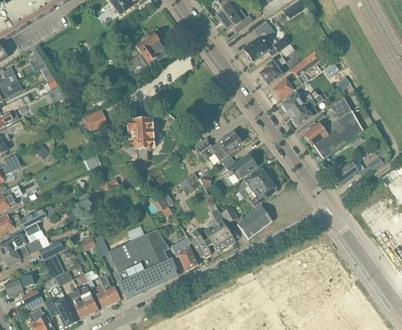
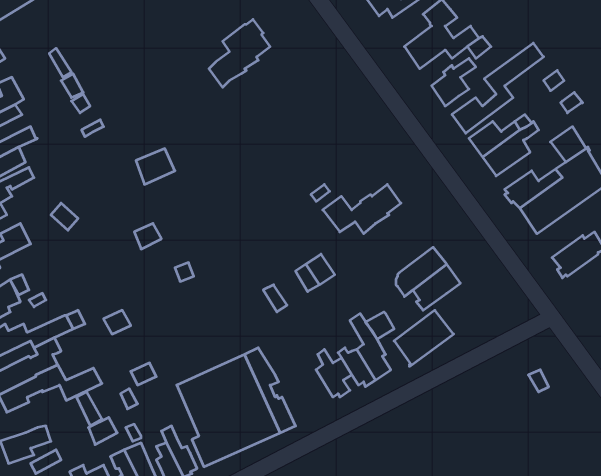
building: [127,116,153,160] -> none
building: [220,153,256,180] -> none
building: [170,237,197,269] -> none

